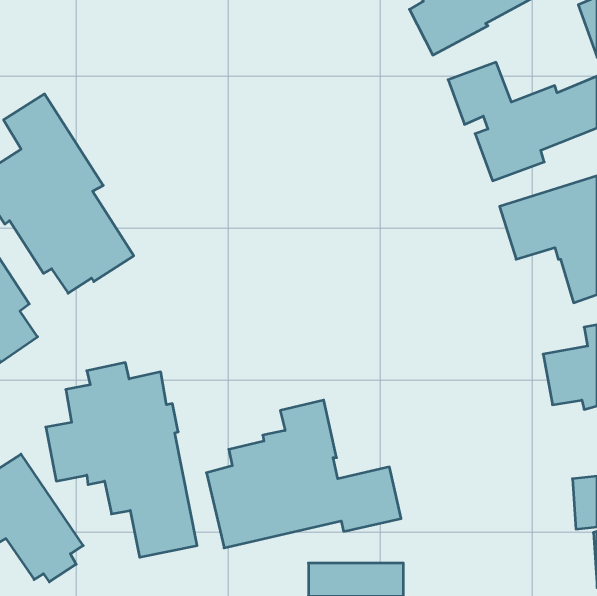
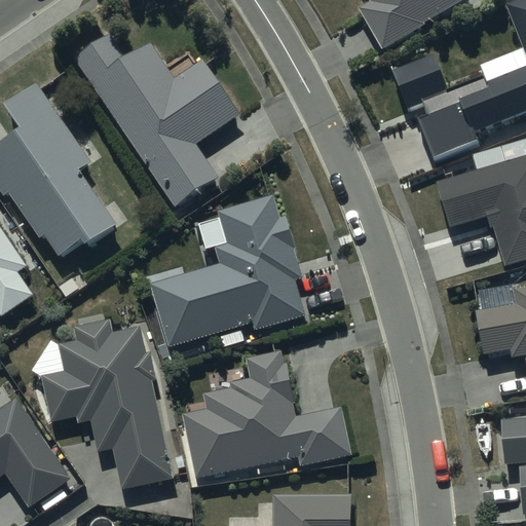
building: none -> [75,33,239,208]
building: none -> [150,193,304,345]

